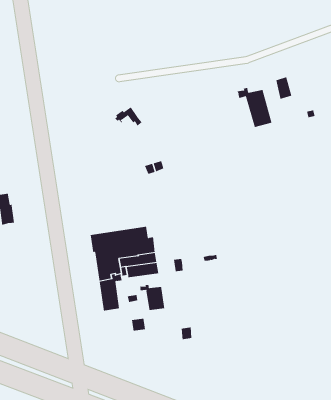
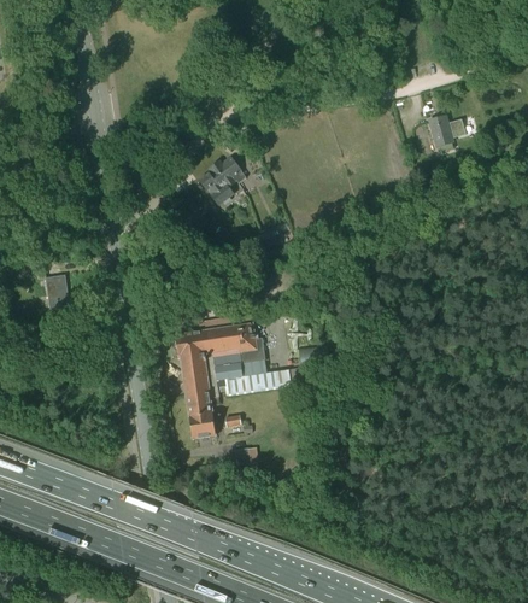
building: [237,87,272,128] -> none
building: none -> [199,169,236,204]
building: [139,284,165,311] -> none

